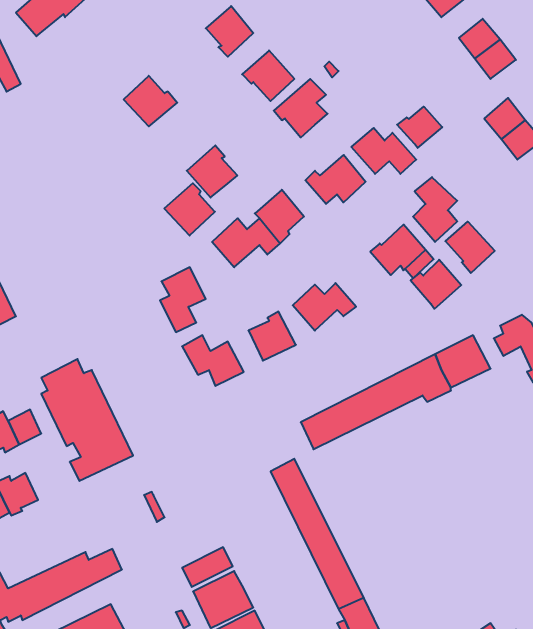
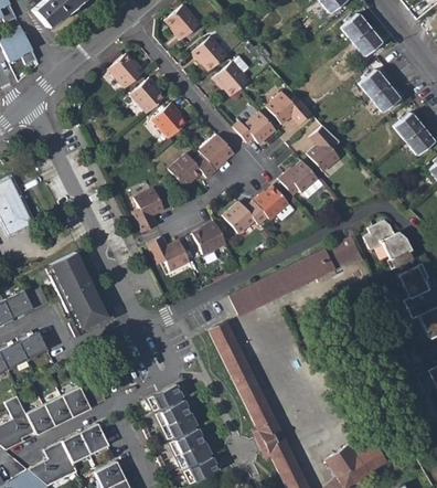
building: [397,107,442,148] -> none
building: [164,183,215,236] -> [129,78,164,115]
building: [445,222,495,273] -> none
building: [411,260,461,309] -> [255,184,290,219]

